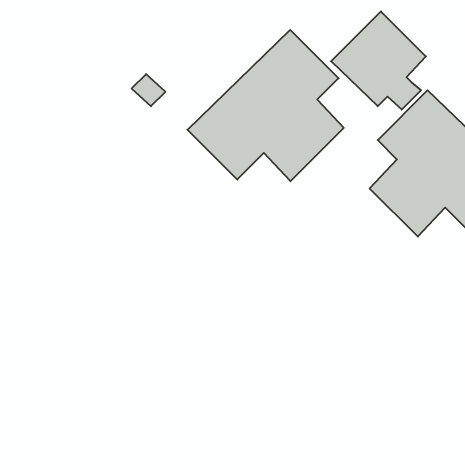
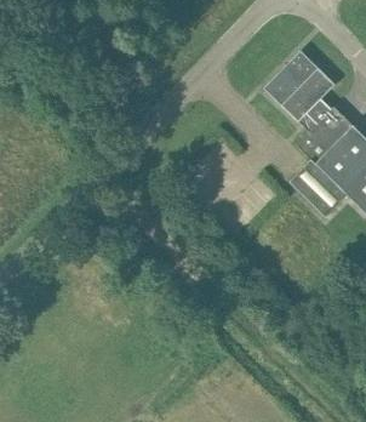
building: [187,30,344,181] -> none

